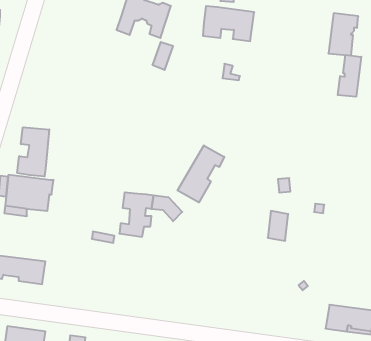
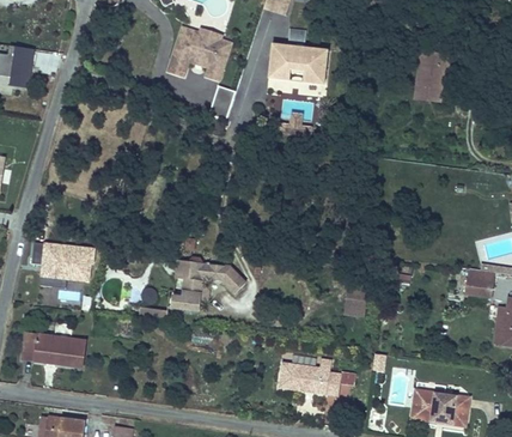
building: [338,55,361,97] -> none
building: [17,127,49,177] -> none
building: [178,145,224,202] -> none
building: none -> [278,358,341,396]

